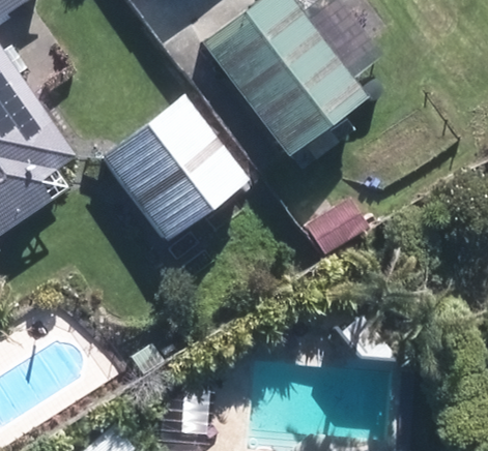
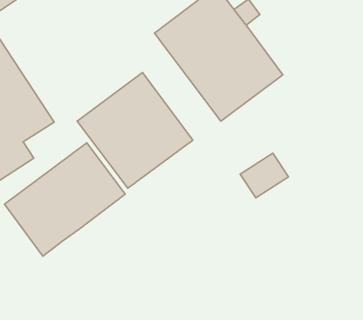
building: none -> [5,143,125,256]

